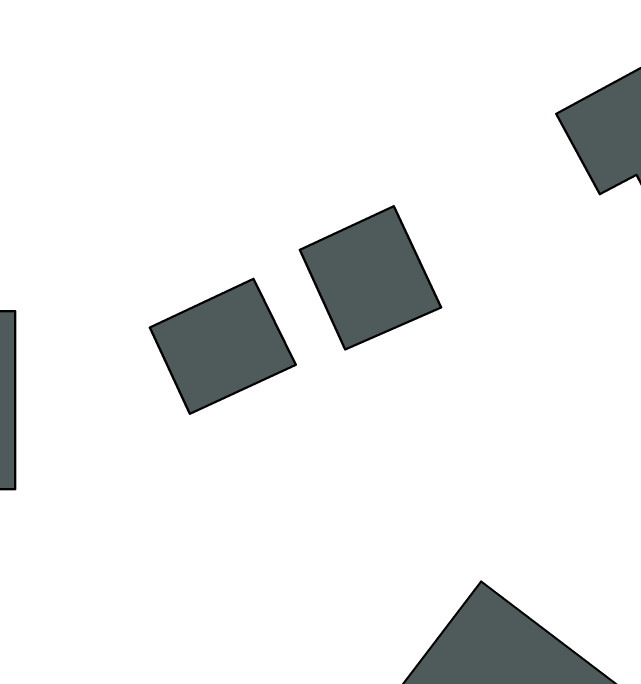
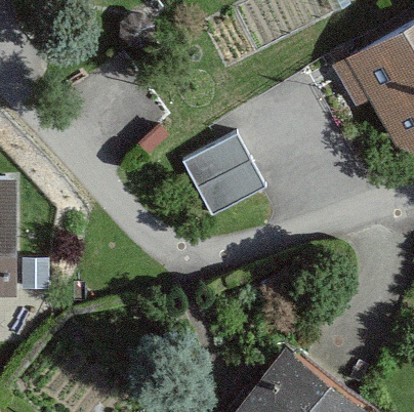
building: [150,279,296,414] -> none

